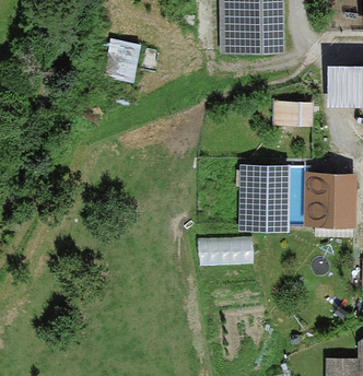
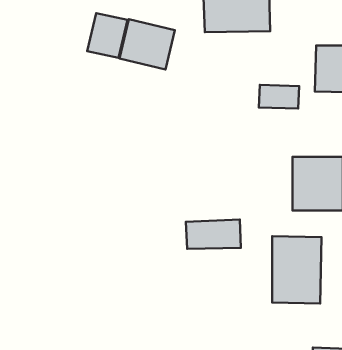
building: none -> [120,19,175,69]
building: [241,165,289,231] -> [272,236,321,303]

